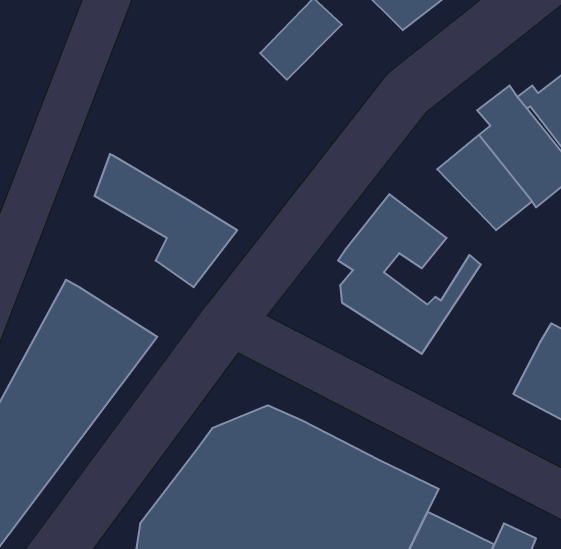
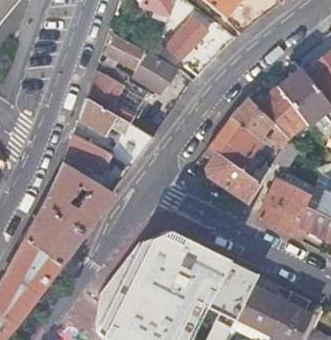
building: none -> [103,33,178,94]
building: none -> [87,70,131,122]
building: none -> [232,98,290,156]
building: none -> [65,135,129,194]
building: none -> [258,180,311,235]

